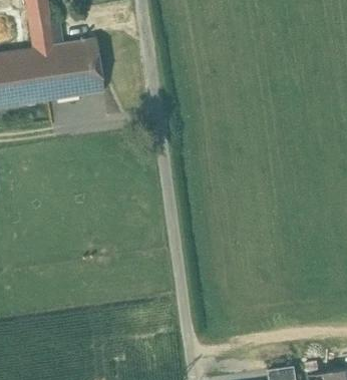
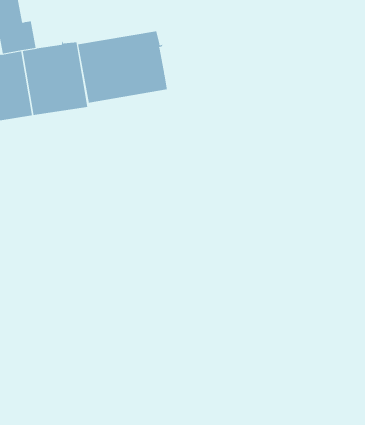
building: none -> [77,30,168,103]

